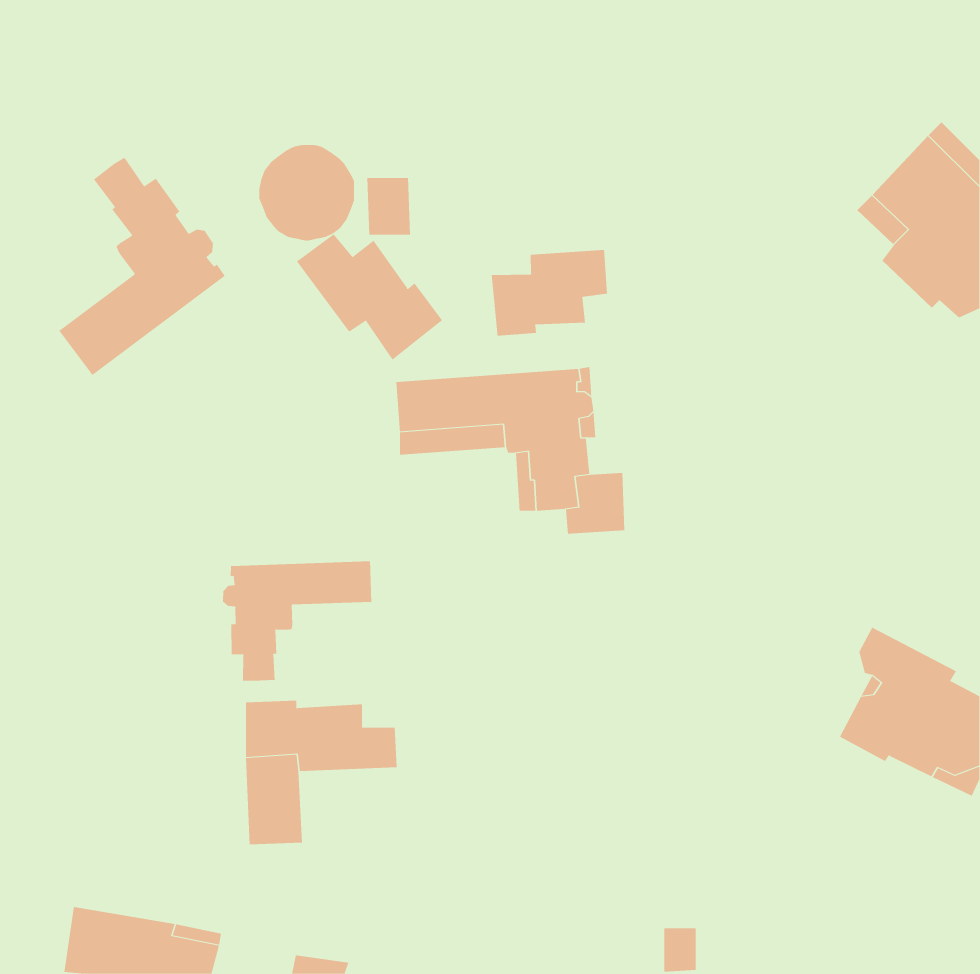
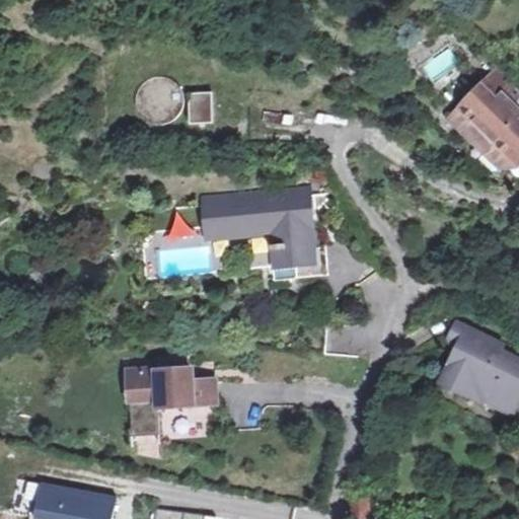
building: [58,157,225,376] -> none
building: [296,233,443,360] -> none
building: [491,249,608,337] -> none
building: [223,560,372,681] -> none

